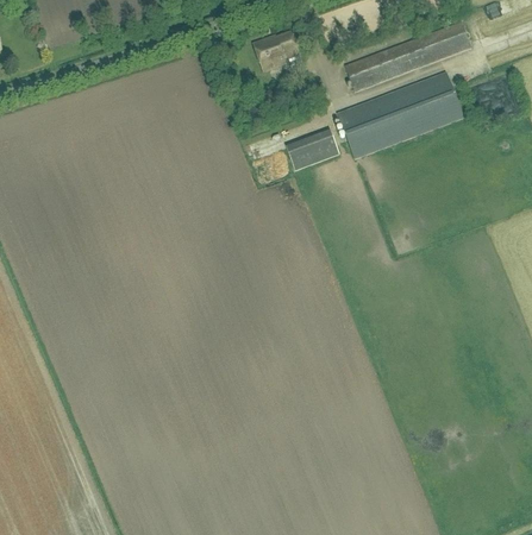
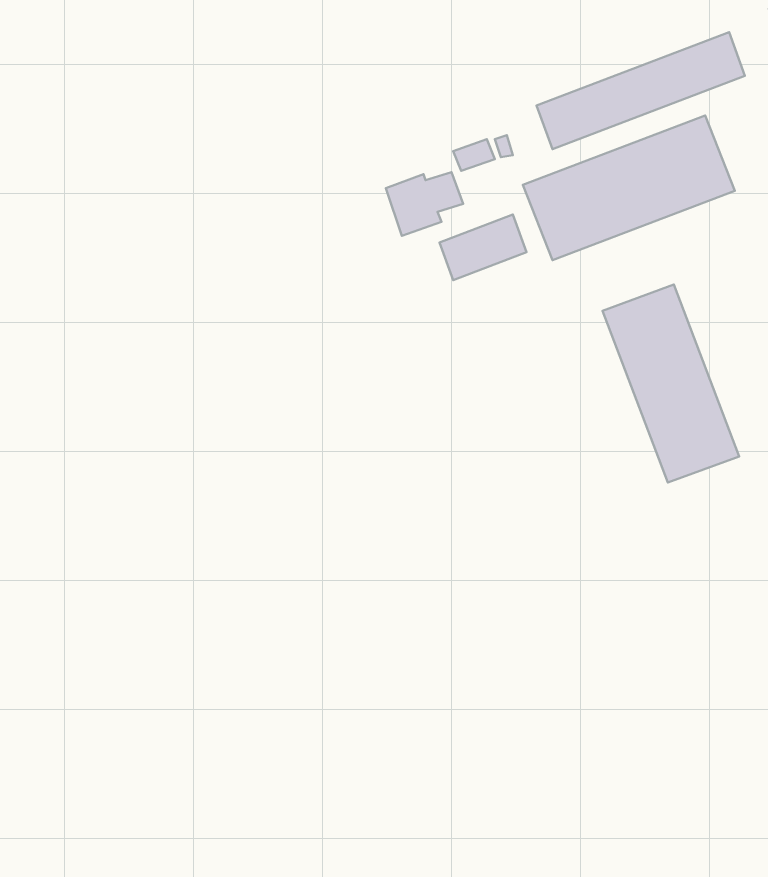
building: [252,31,299,69] -> [386,172,463,236]
building: none -> [602,285,739,483]

